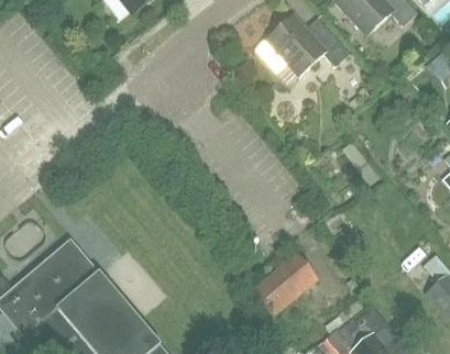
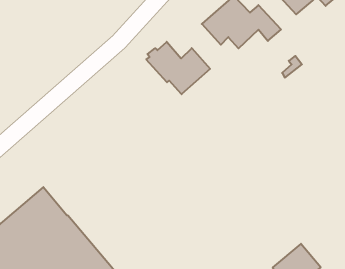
building: none -> [146,42,210,94]
building: [254,255,318,316] -> none

